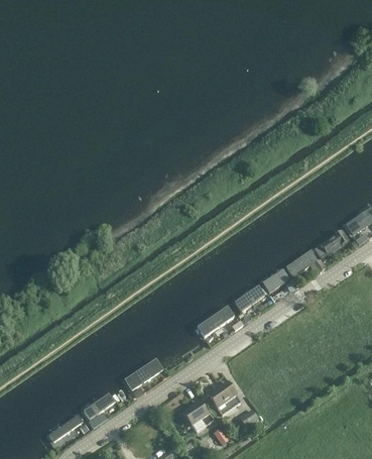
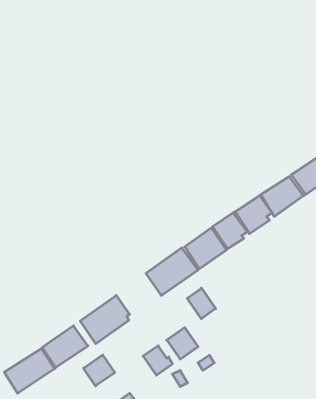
building: none -> [187,288,216,319]
building: none -> [84,355,115,386]

